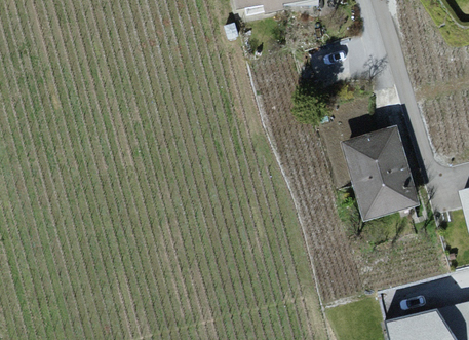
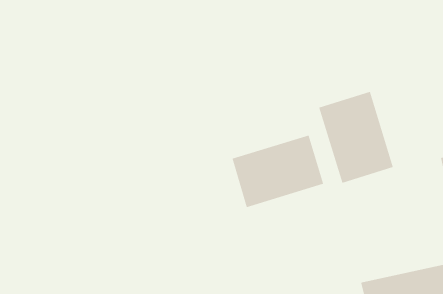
building: none -> [231,134,324,208]

